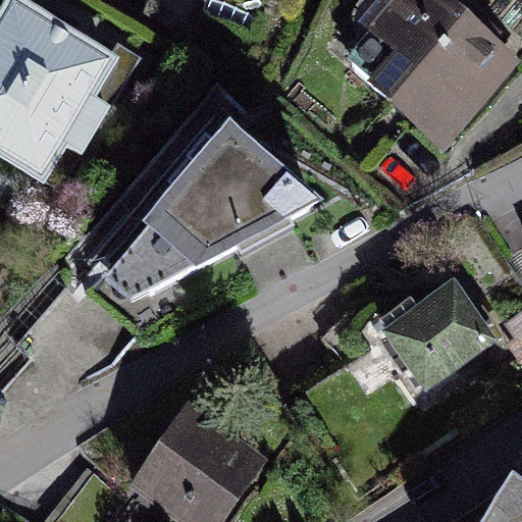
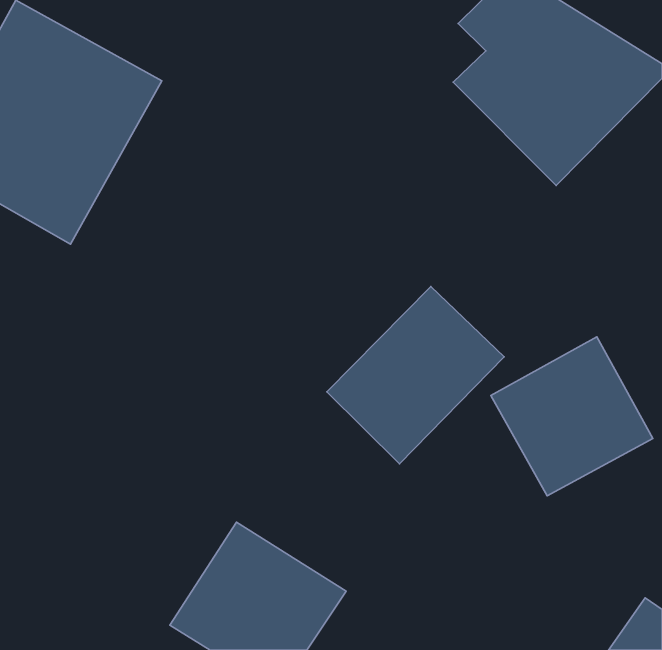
building: [90,107,319,316] -> none
building: none -> [327,287,504,464]

